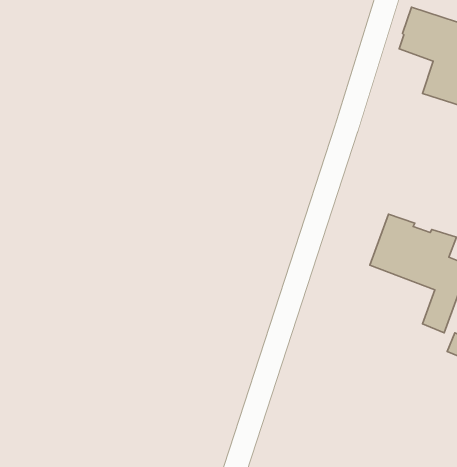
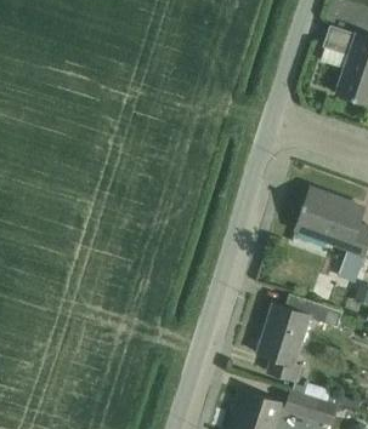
building: none -> [254,293,341,381]

